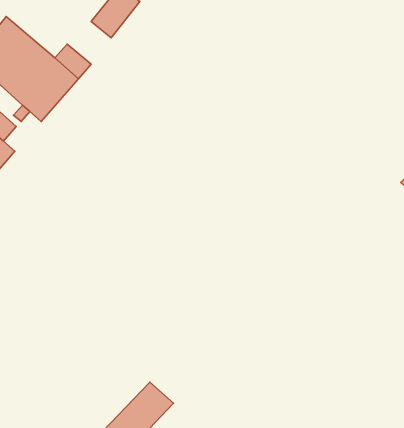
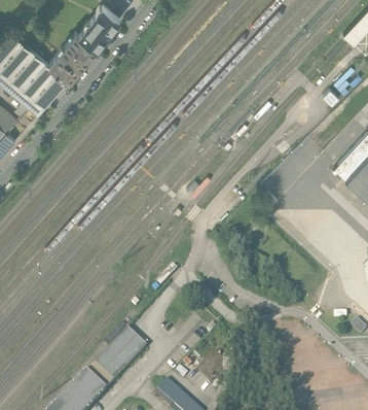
building: none -> [62,30,98,68]

